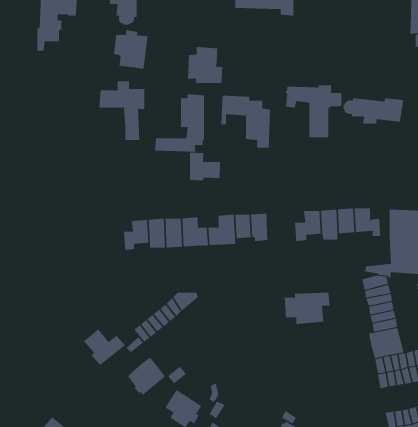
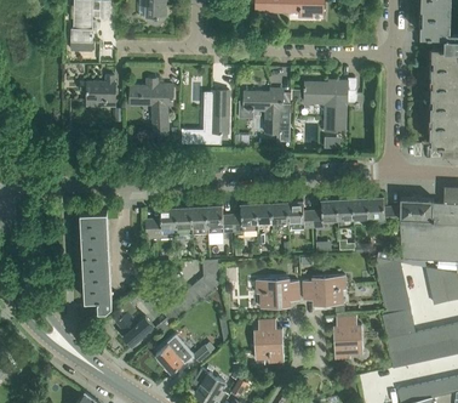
building: [114,29,148,70] -> none
building: [188,46,223,84] -> none
building: none -> [80,76,115,107]
building: [343,98,404,124] -> none
building: [189,152,221,181] -> none
building: none -> [286,200,313,229]
building: none -> [80,211,111,310]
building: none -> [256,278,298,308]
building: none -> [332,316,362,358]
building: none -> [253,319,284,362]

